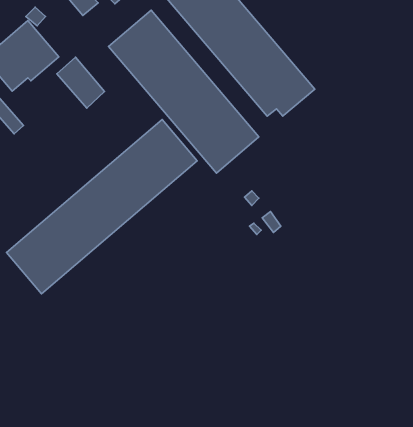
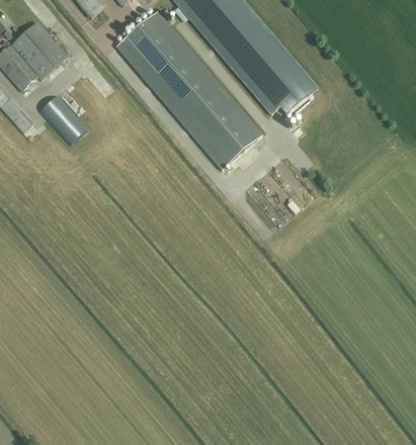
building: [57,57,105,108] -> [39,94,86,144]
building: [6,120,197,294] -> none

